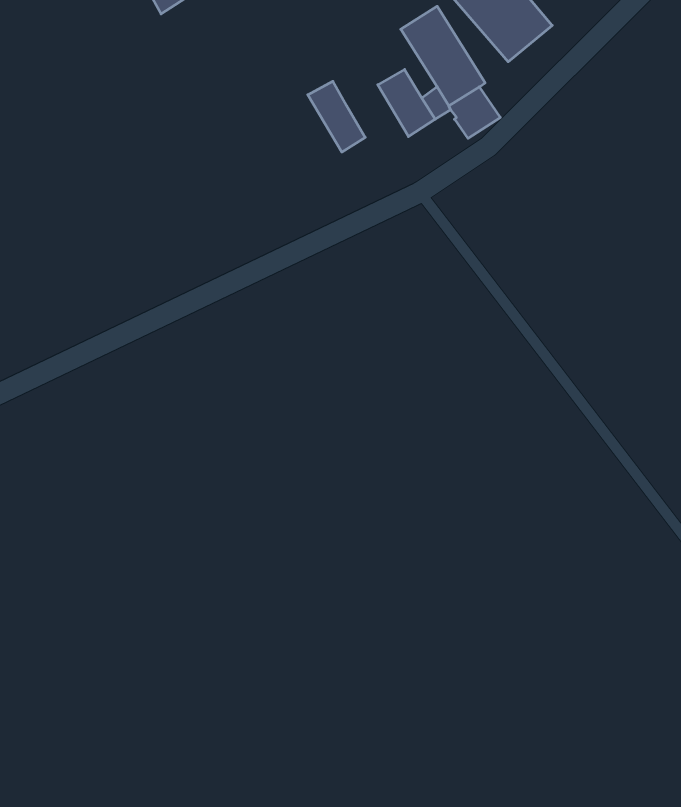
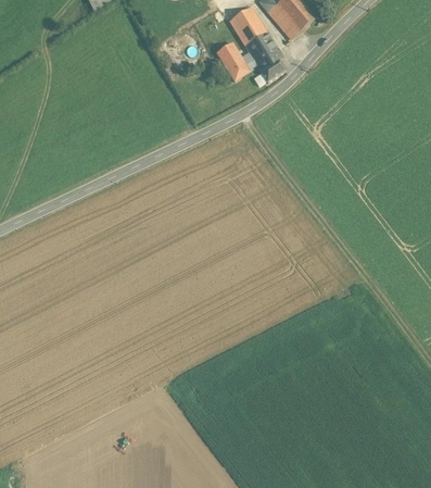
building: [308,81,365,152] -> none

